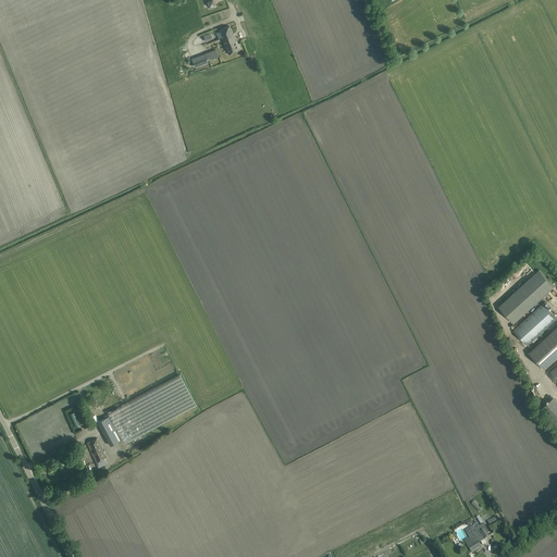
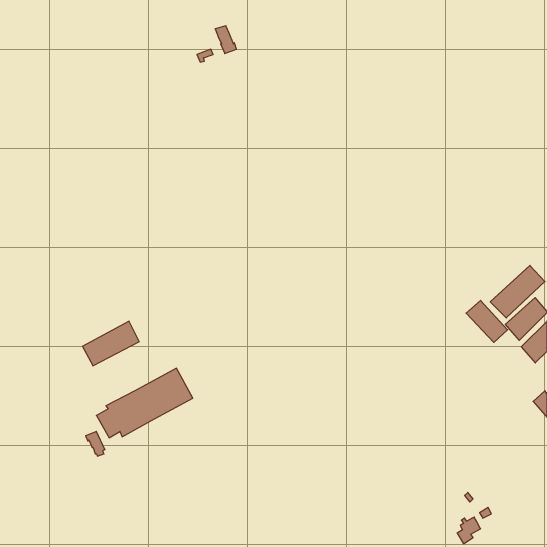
building: none -> [466,300,508,342]
building: none -> [83,321,139,366]

